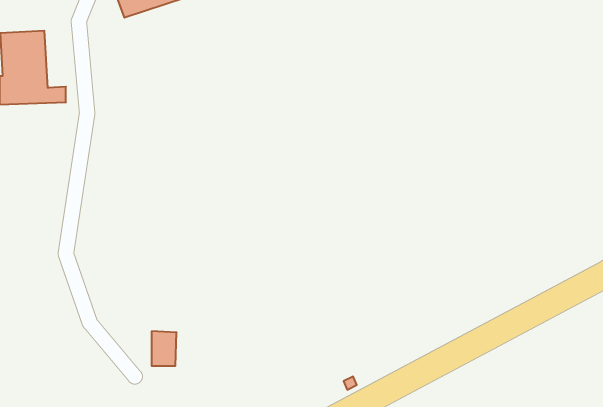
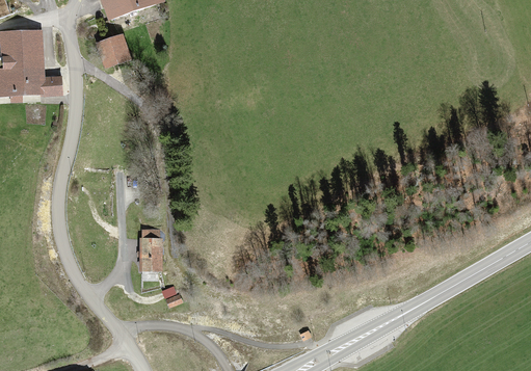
building: none -> [97,35,130,68]
building: [152,331,177,366] -> [140,239,162,269]

